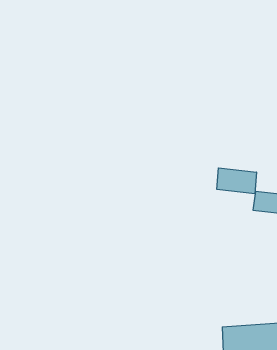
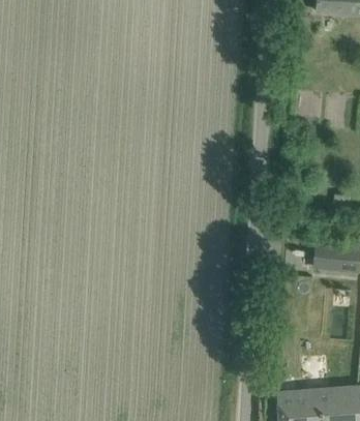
building: [217,168,256,194] -> none

